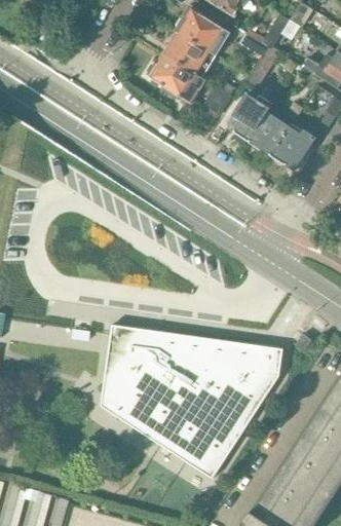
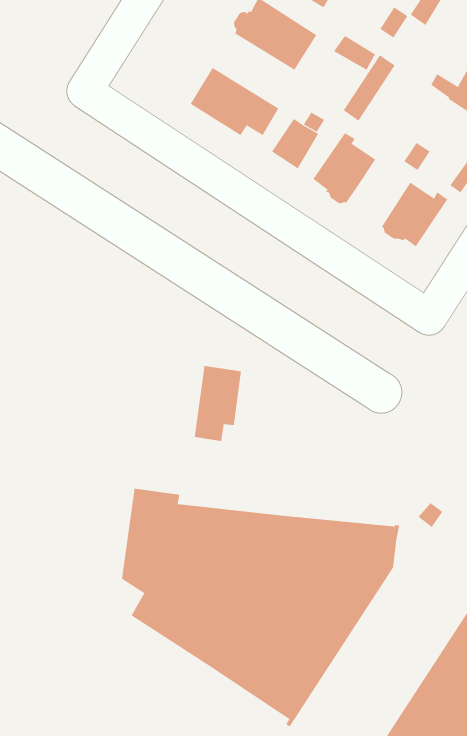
building: [162,31,216,79] -> none
building: [249,112,290,155] -> none
building: none -> [194,365,242,442]

